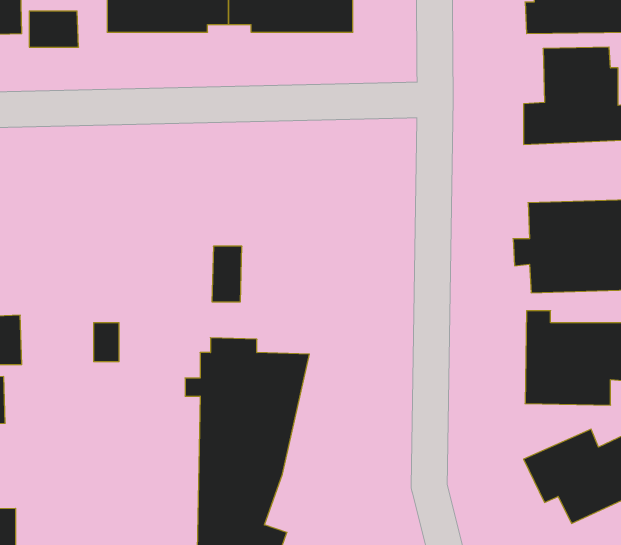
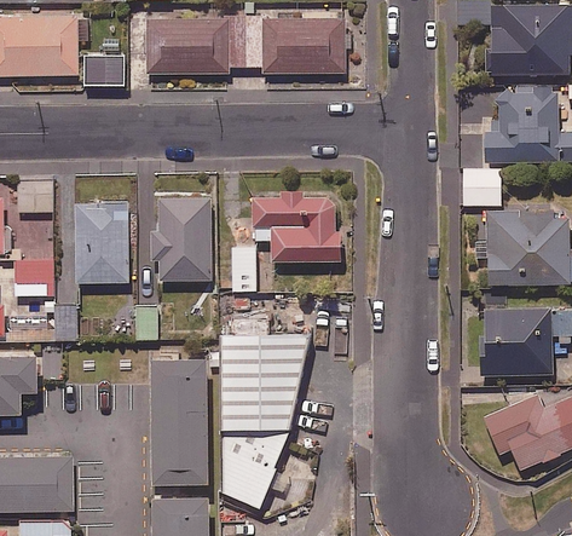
building: none -> [462,169,499,207]
building: none -> [252,190,341,263]
building: none -> [149,198,210,281]
building: none -> [75,202,128,283]
building: none -> [149,358,208,483]

